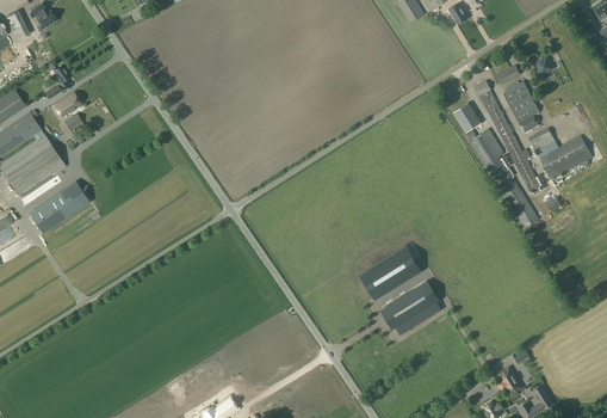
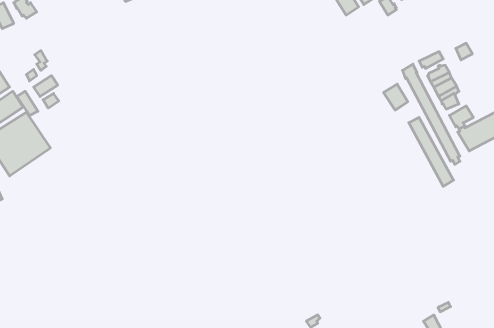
building: [30,182,89,232] -> none
building: [357,246,421,300] -> none
building: [384,283,436,326] -> none

